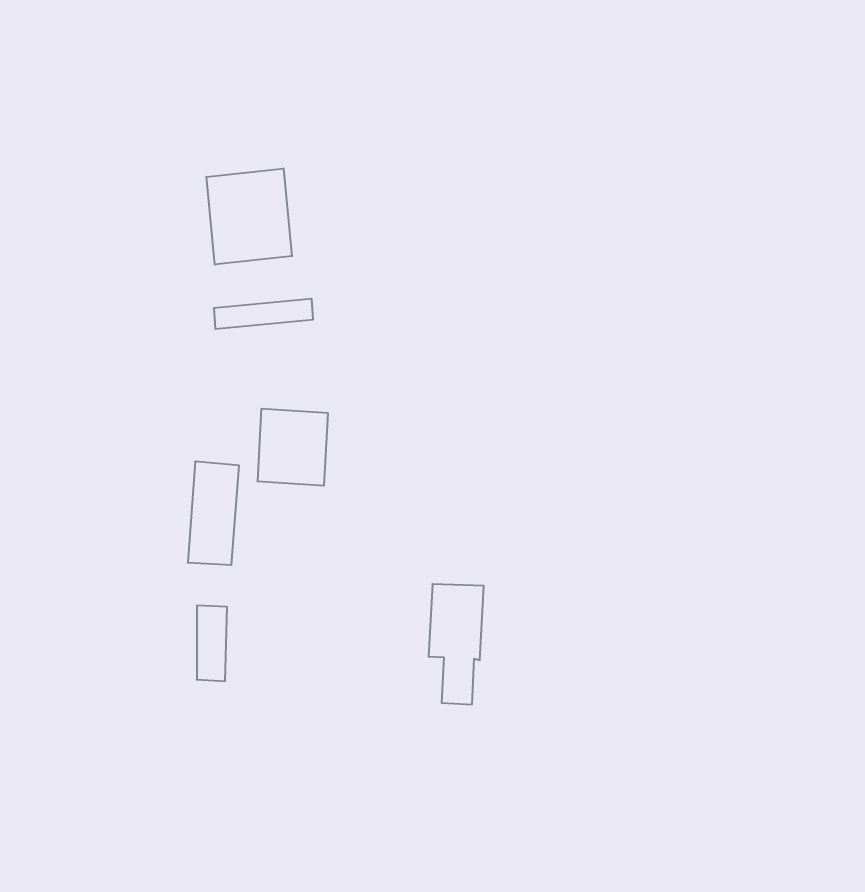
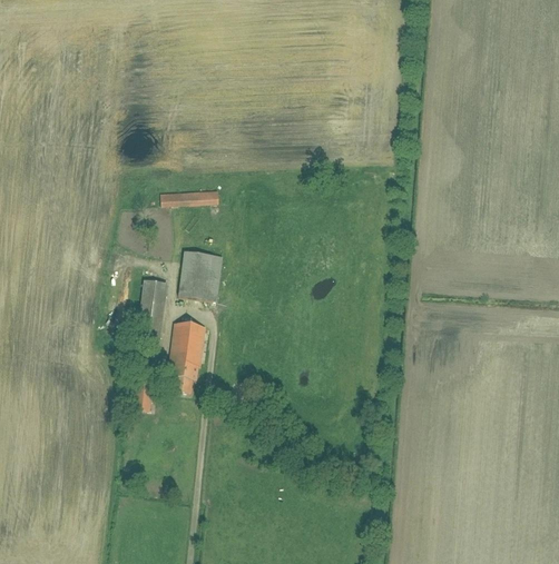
building: [206,168,292,265] -> none
building: [428,584,484,704] -> [169,321,205,394]

